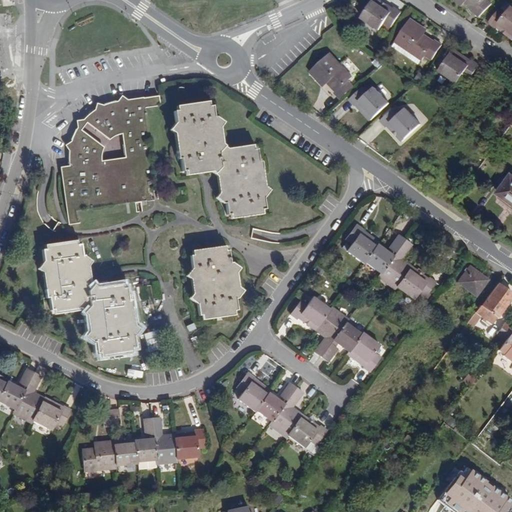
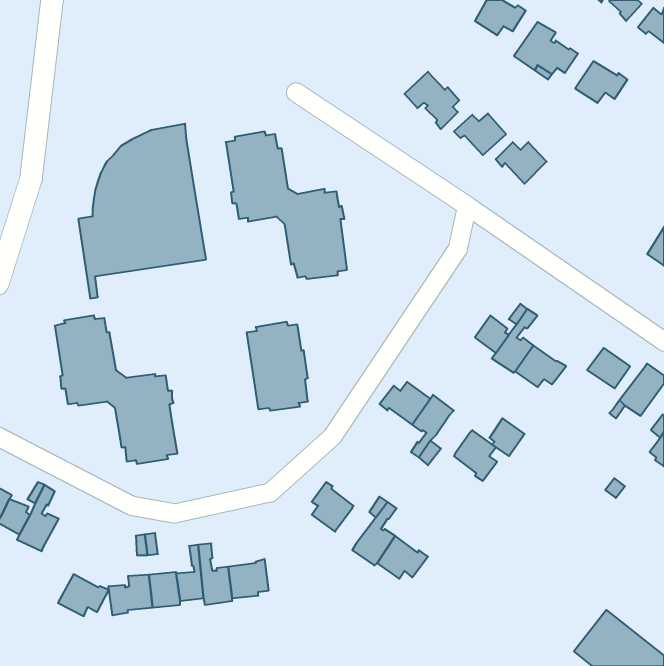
building: [345,222,378,260] -> none
building: [334,319,361,348] -> [489,418,525,456]
building: [258,390,283,417] -> none
building: [33,398,72,430] -> [58,574,109,616]

